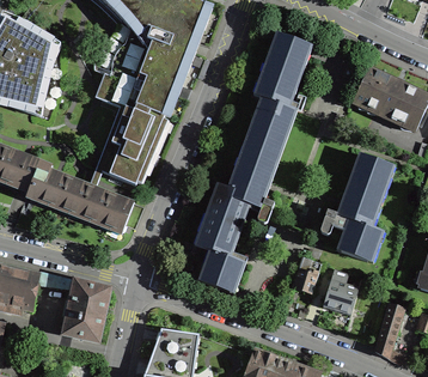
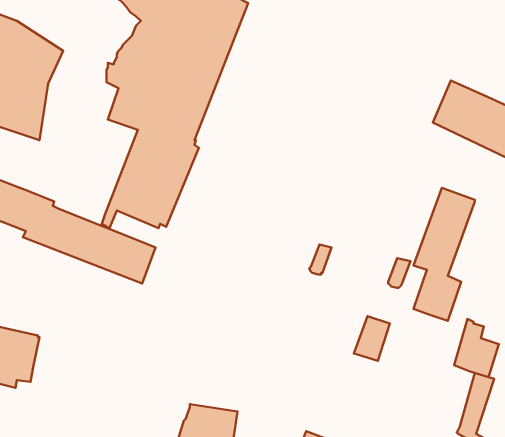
building: [200,35,308,292] -> none
building: [324,268,360,315] -> [454,319,499,377]
building: [62,279,112,342] -> none

